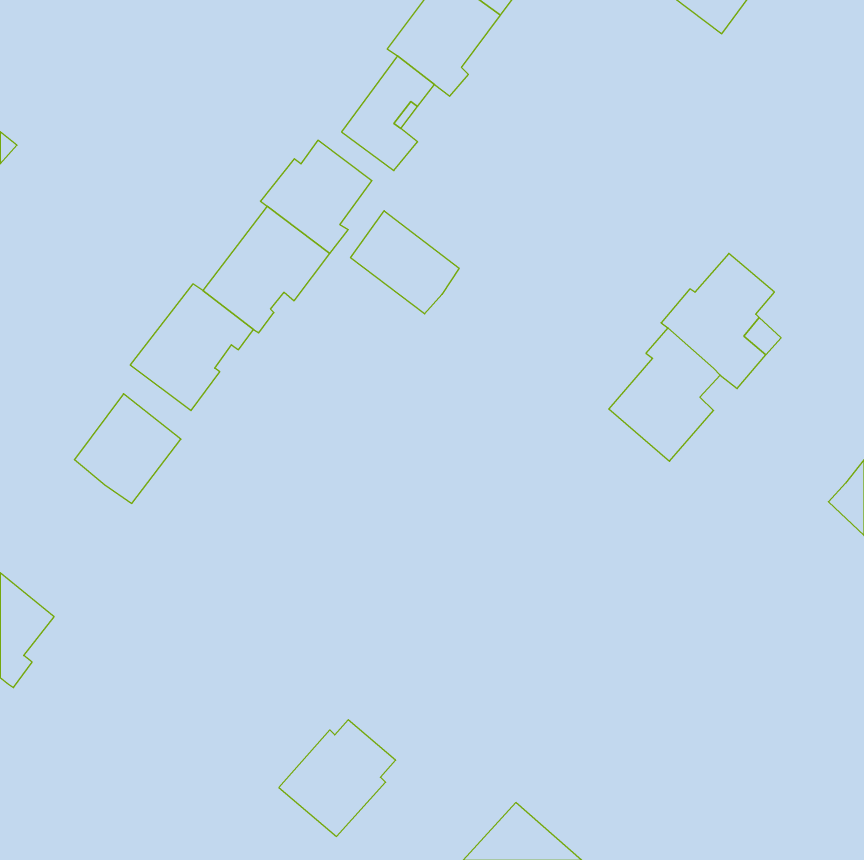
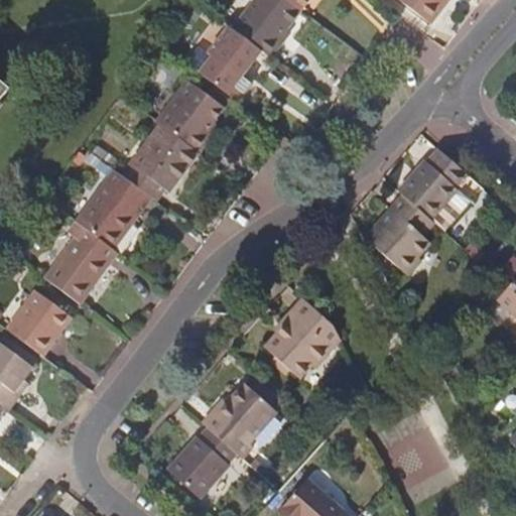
building: [351,211,459,314] -> none
building: none -> [9,290,72,354]
building: none -> [267,298,338,373]
building: none -> [202,384,274,460]

